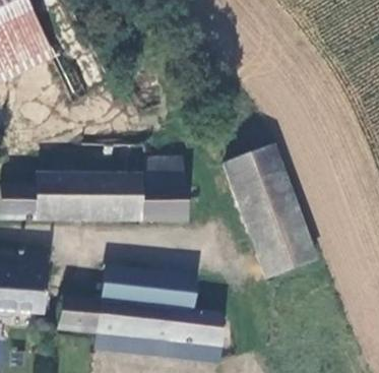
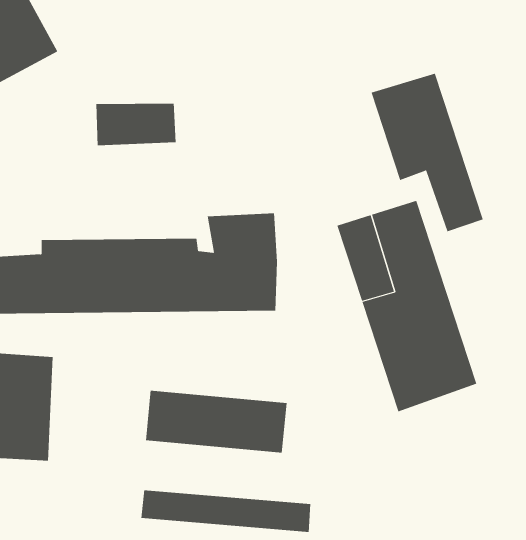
building: none -> [371,73,483,232]
building: none -> [96,103,176,146]
building: [61,299,212,343] -> none

